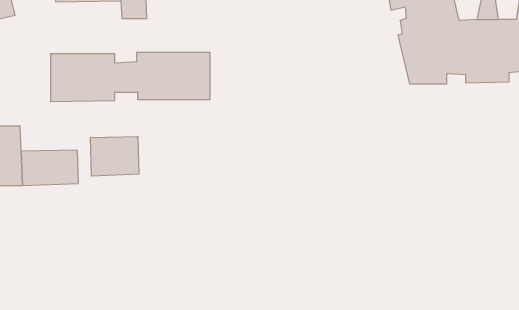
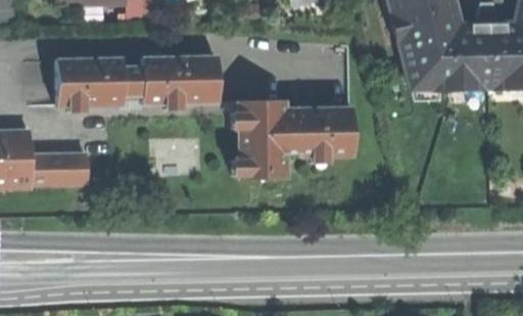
building: none -> [236,102,351,180]
building: [90,136,139,176] -> none

